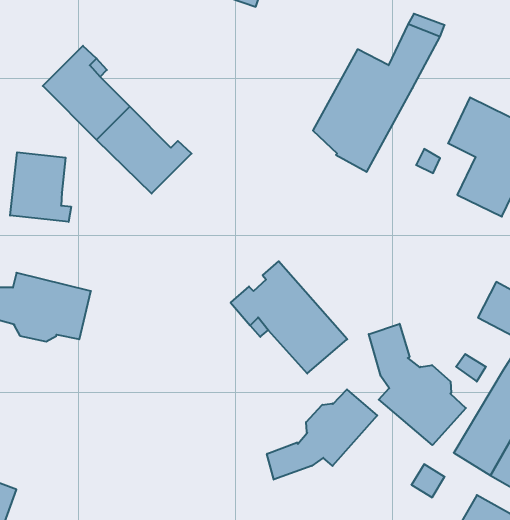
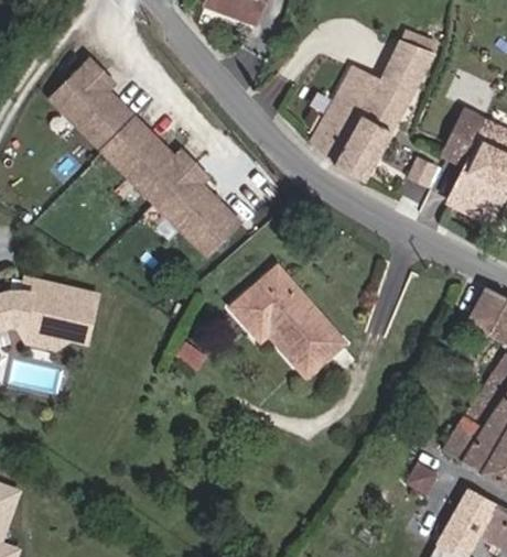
building: [10,152,71,222] -> none
building: none -> [154,164,238,254]
building: [369,324,466,445] -> none
building: [267,389,377,480] -> none

